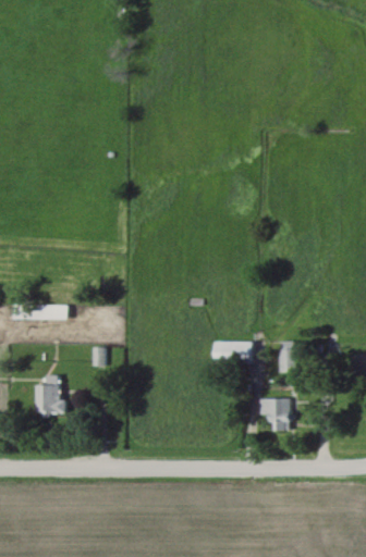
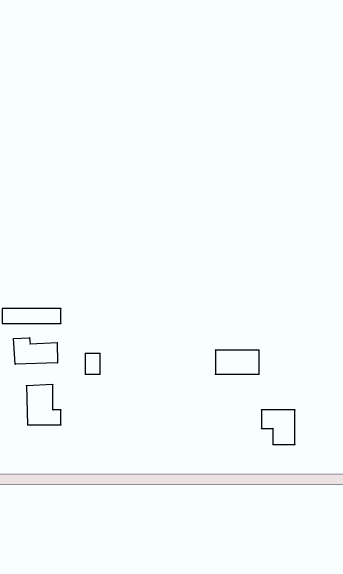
building: none -> [14,338,57,364]
building: [278,343,296,373] -> none

